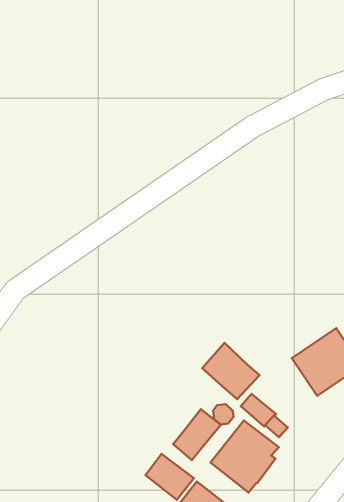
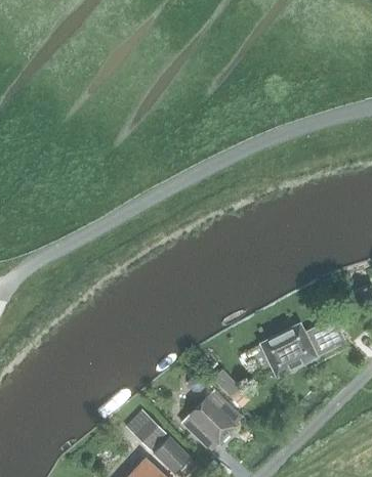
building: [202,343,260,399] -> none
building: [173,409,221,460] -> none

